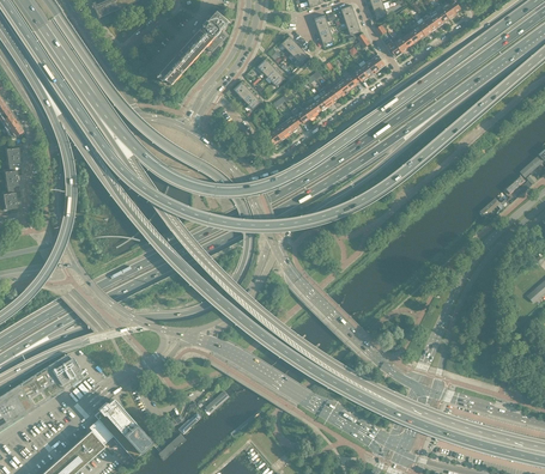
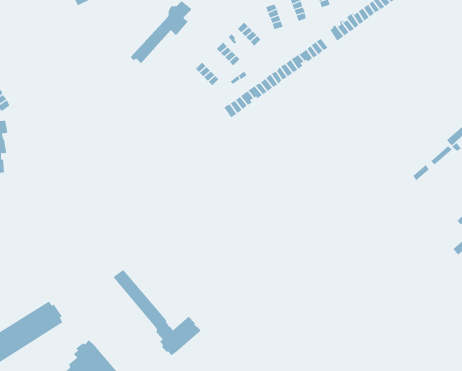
building: none -> [113,269,202,356]

